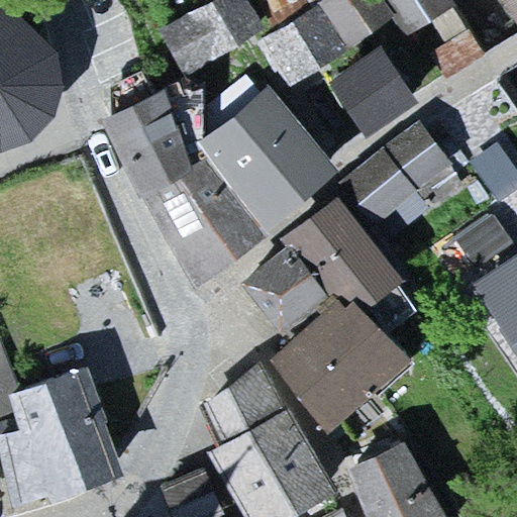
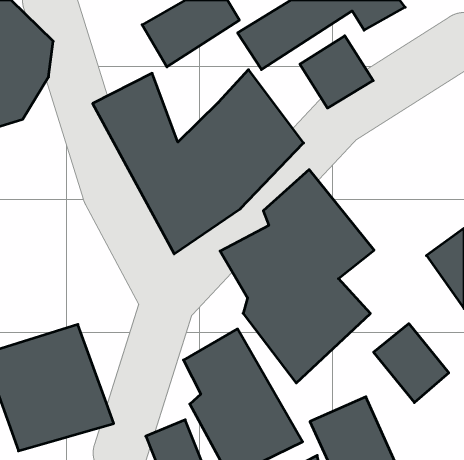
building: [348,125,455,229] -> none
building: none -> [374,324,449,403]

